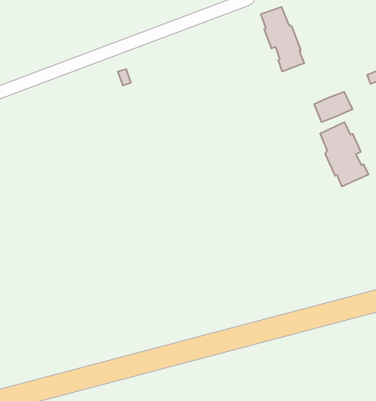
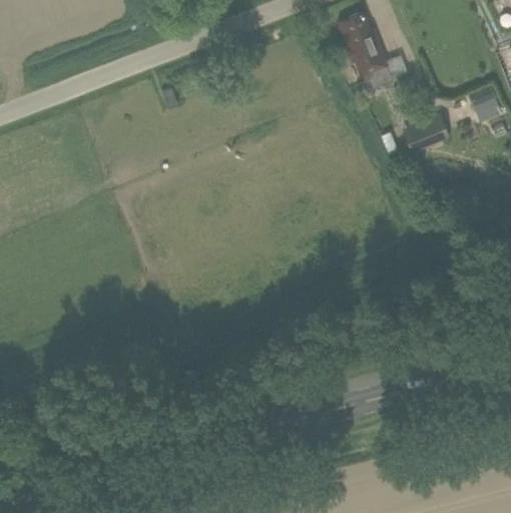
building: [320,122,369,187] -> none

